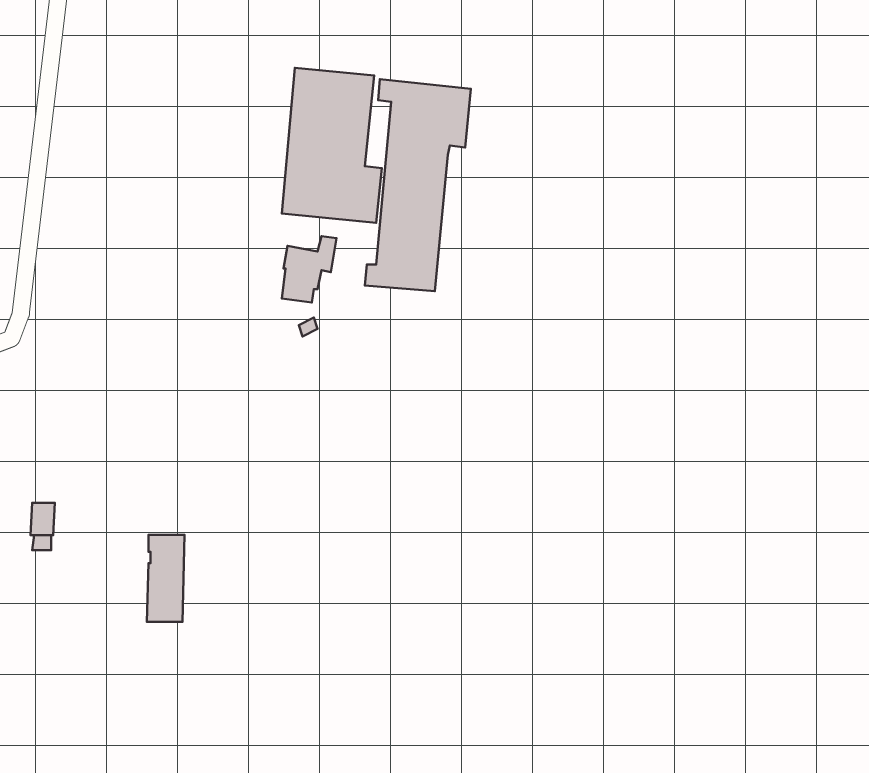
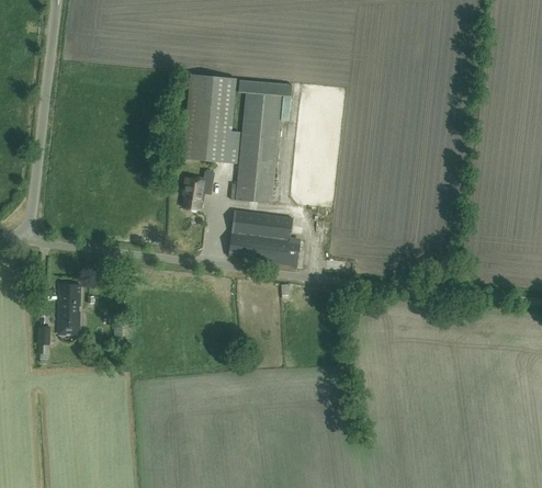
building: none -> [228,208,300,264]
building: [147,535,184,622] -> [58,283,80,333]

